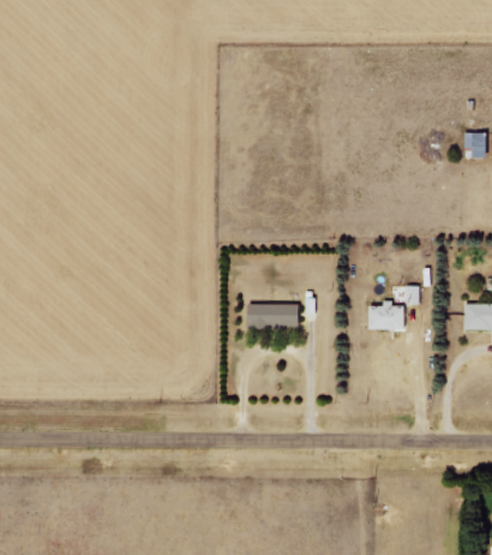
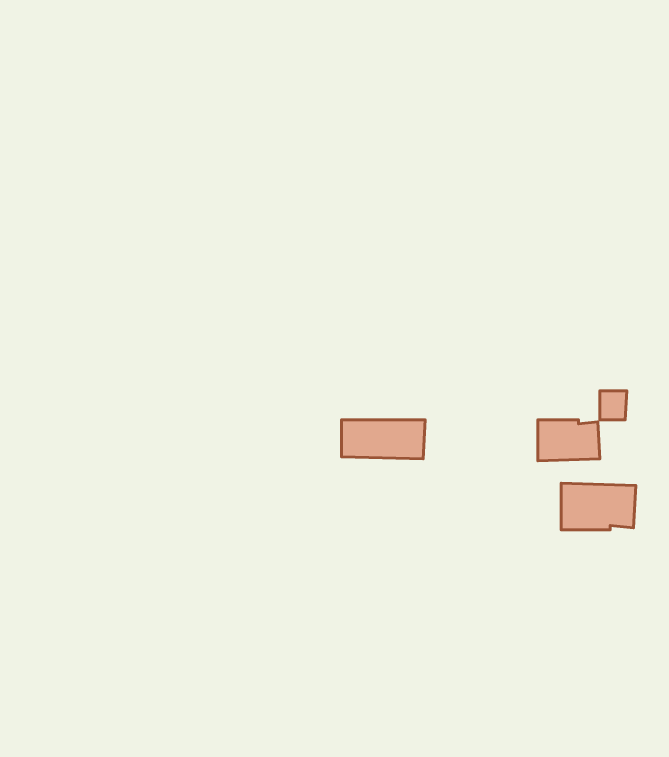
building: none -> [561,483,636,530]

